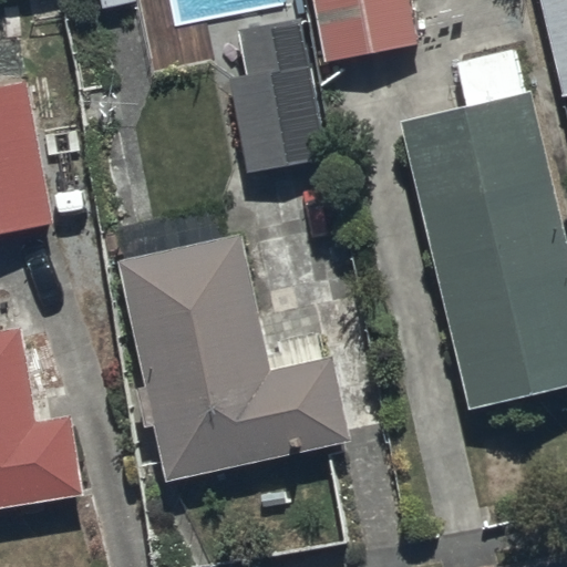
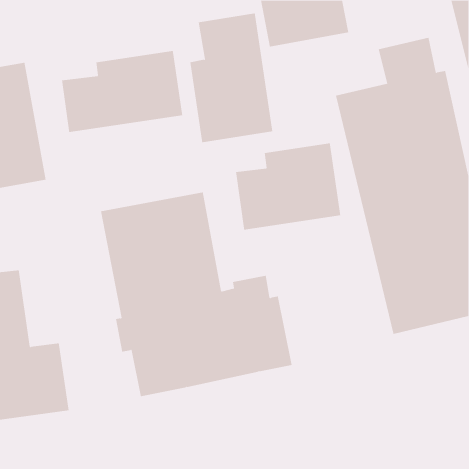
building: none -> [61,50,183,133]
building: none -> [236,143,341,231]

